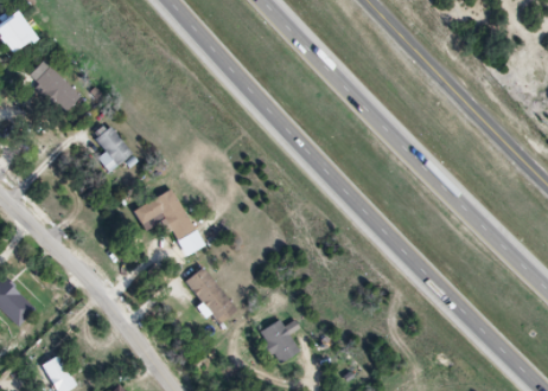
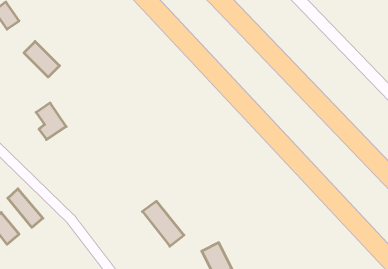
building: [94,124,132,171] -> [36,103,66,140]
building: [133,188,195,239] -> none
building: none -> [8,189,43,227]

